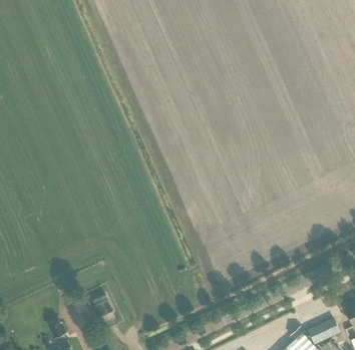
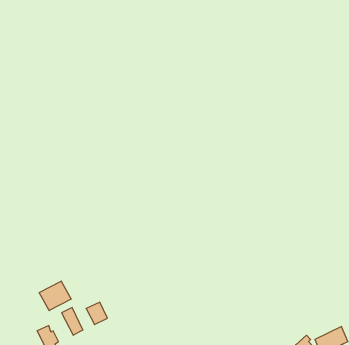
building: none -> [39,281,71,311]

